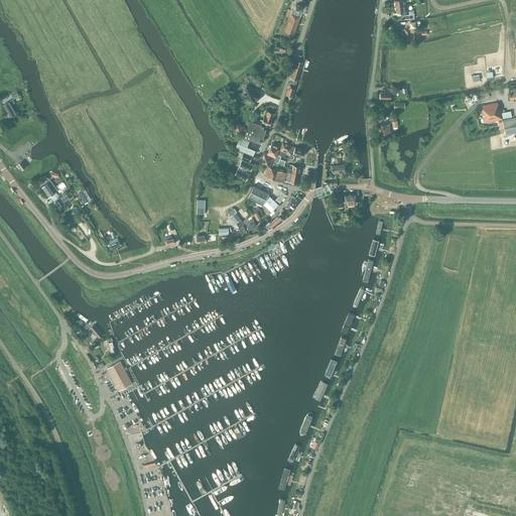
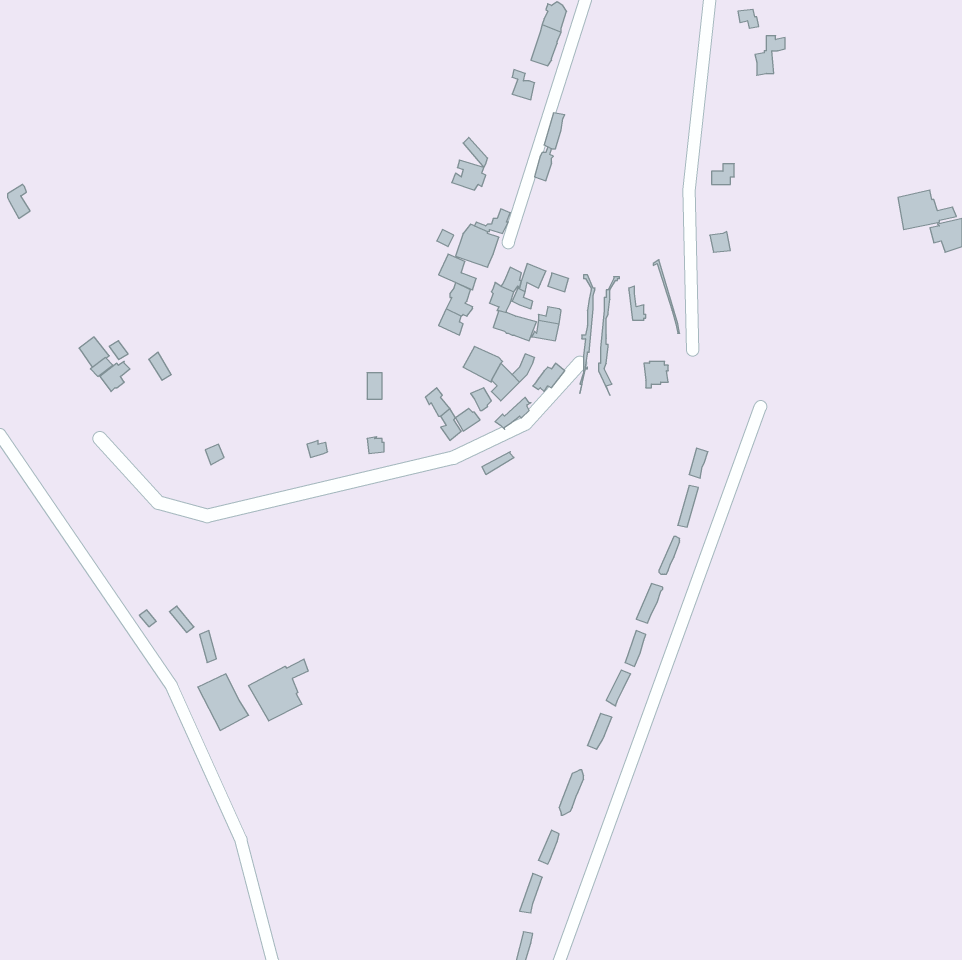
building: none -> [249,659,308,721]

